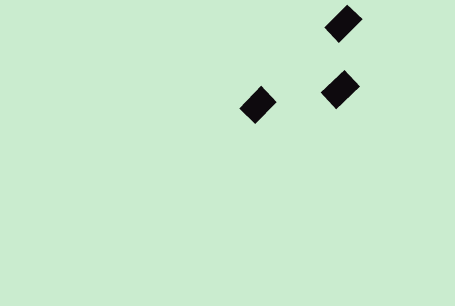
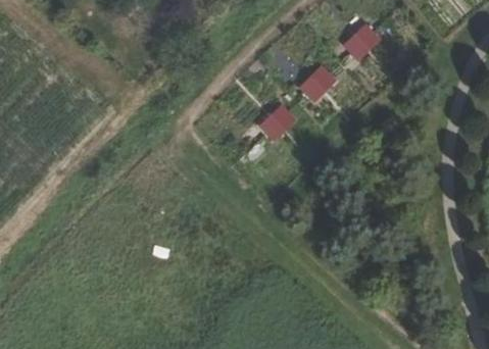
building: [320,69,361,110] -> [297,61,338,102]

